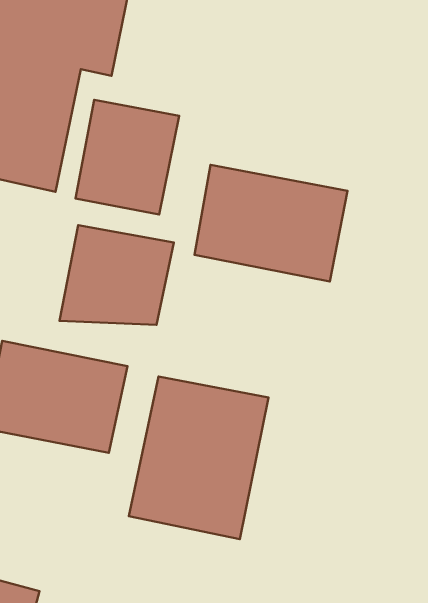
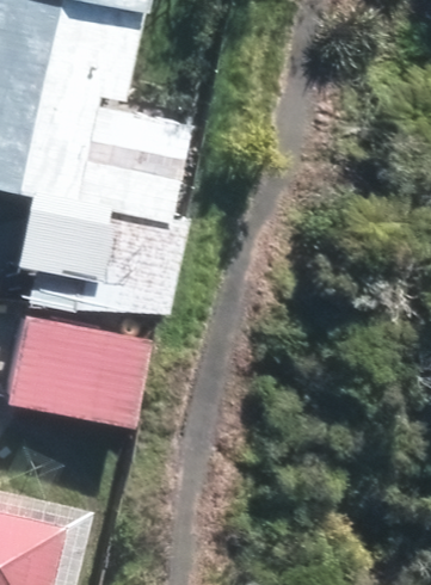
building: [195,165,348,282] -> none
building: [129,376,269,539] -> none

